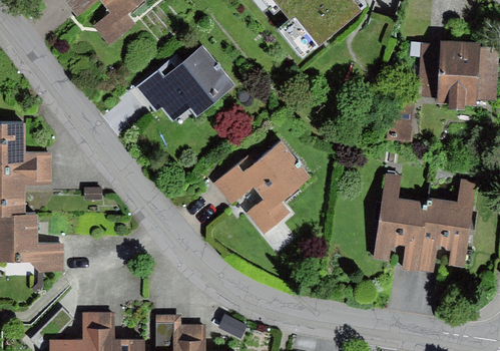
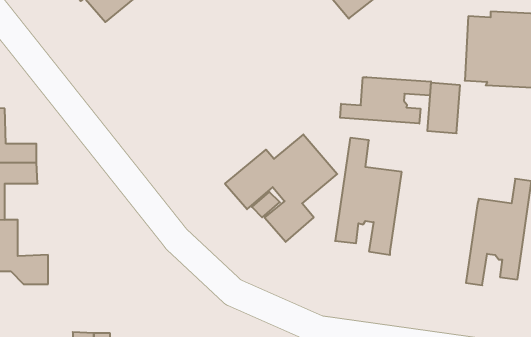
building: [136,44,233,121] -> none
building: none -> [340,77,431,124]
building: [372,172,429,273] -> [335,138,402,255]

